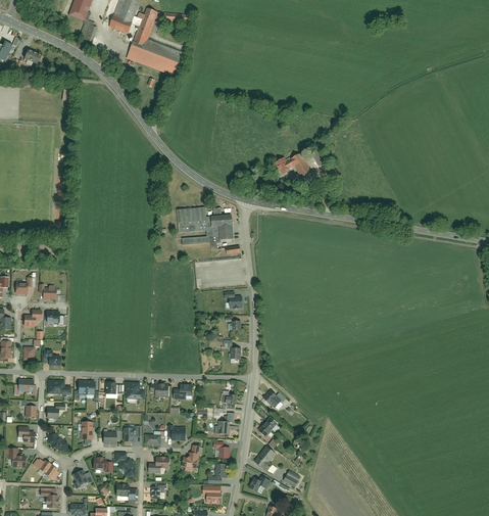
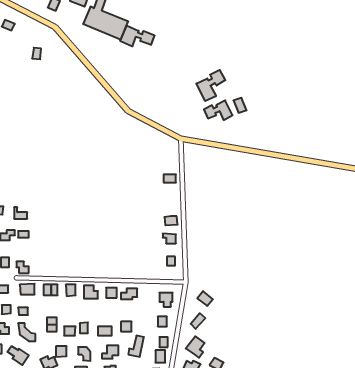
building: none -> [120,25,154,46]
building: none -> [196,70,225,101]
building: [177,207,232,244] -> none

